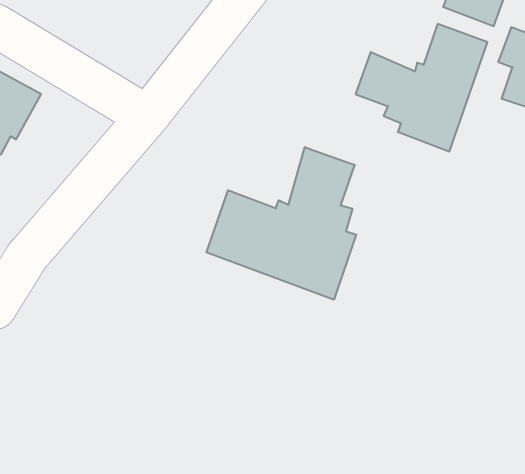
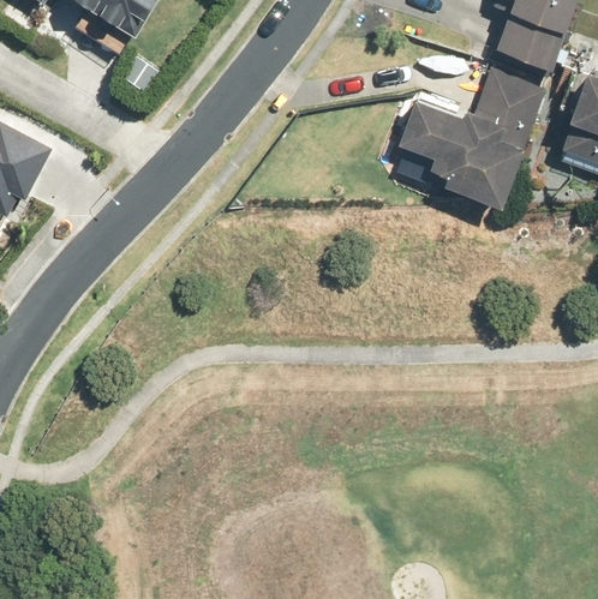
building: [206,147,356,300] -> none

